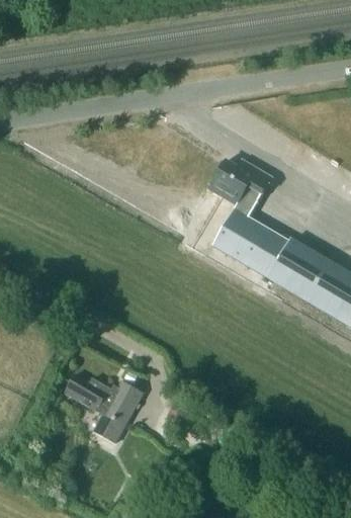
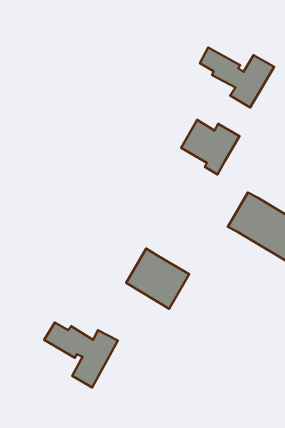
building: none -> [200,47,274,108]
building: [212,208,279,272] -> [126,248,189,309]

